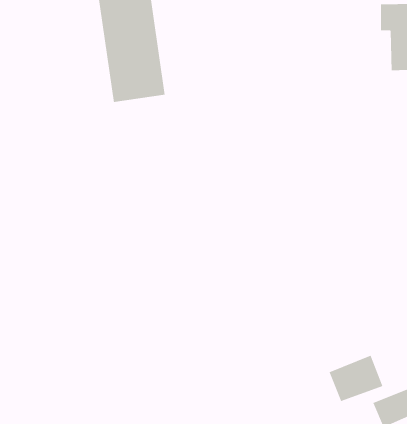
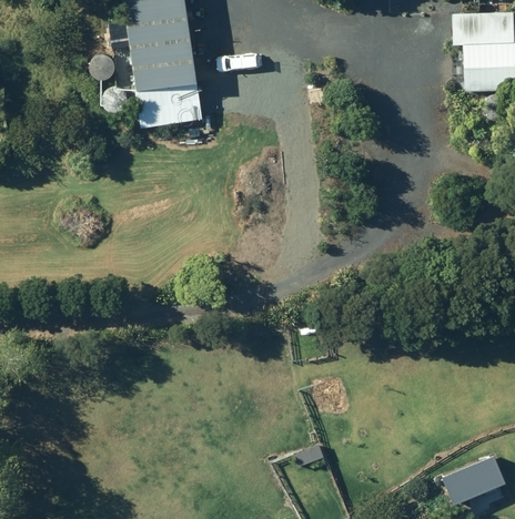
building: [329,355,383,402] -> none

